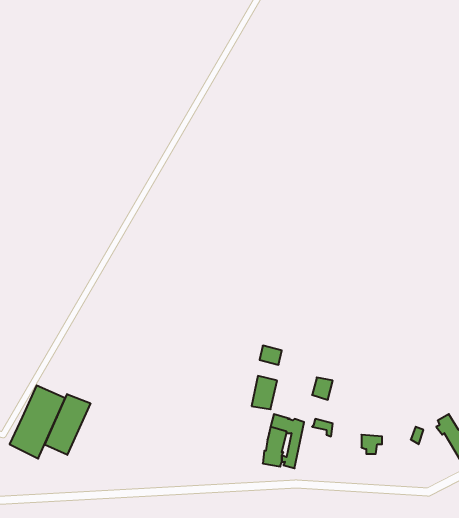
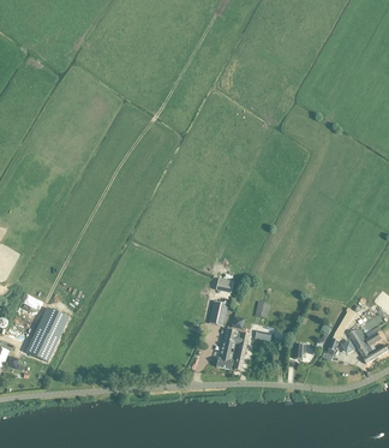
building: [45,394,90,455] -> none

